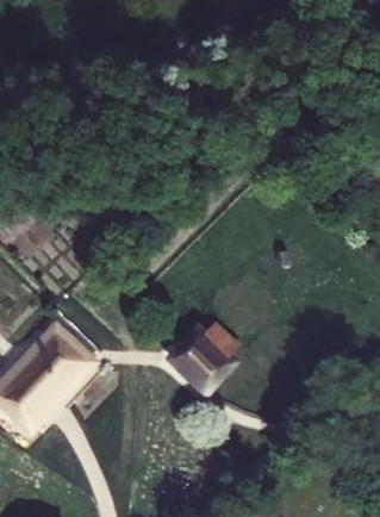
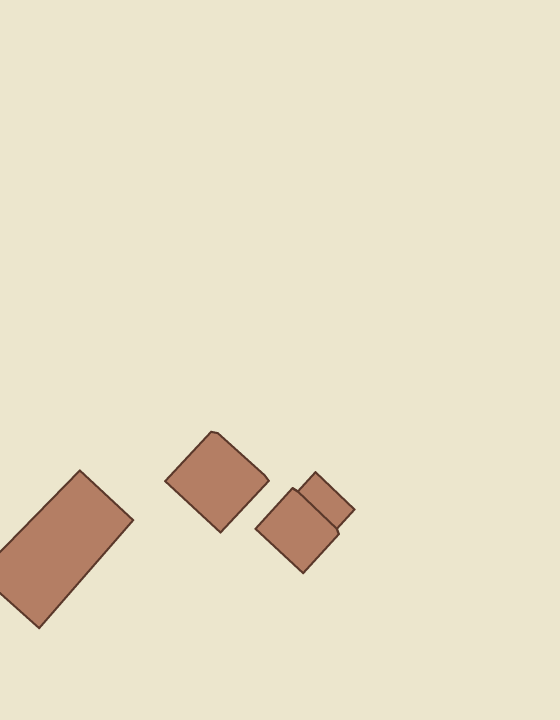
building: none -> [165,432,269,532]

